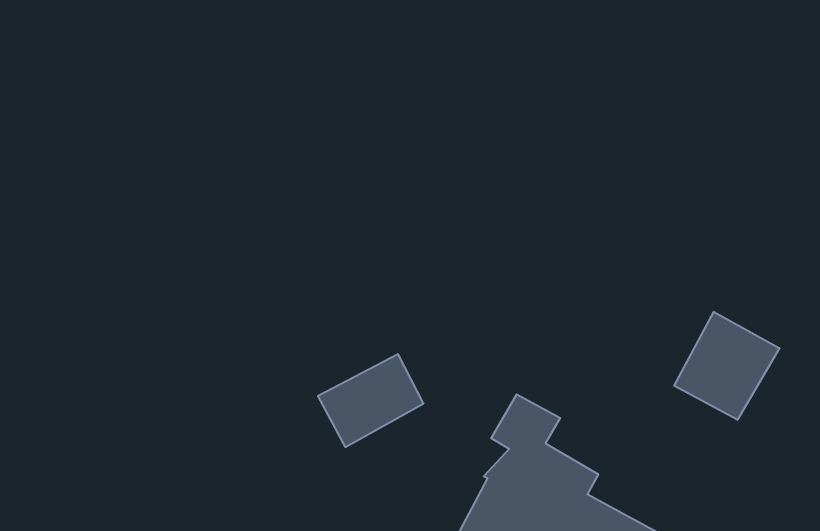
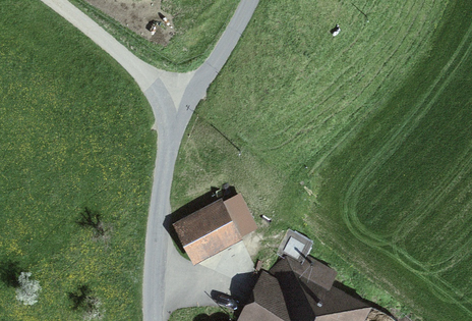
building: [674,312,780,420] -> none

